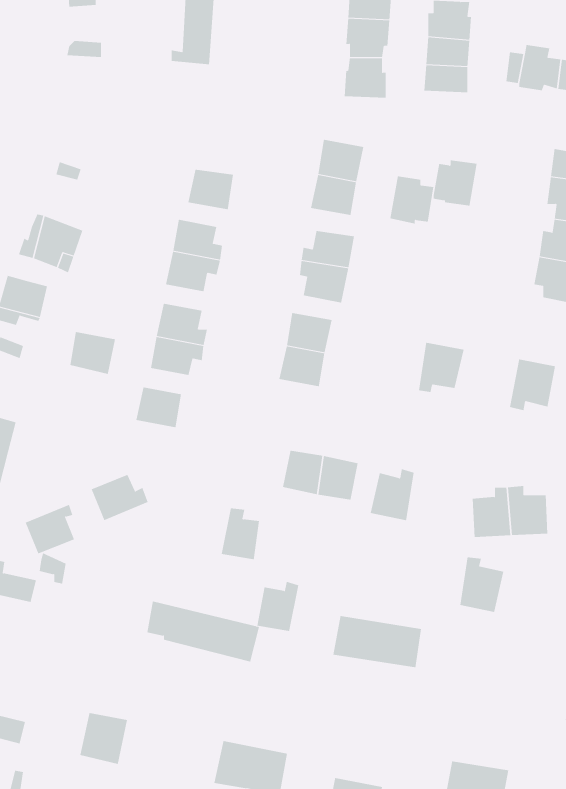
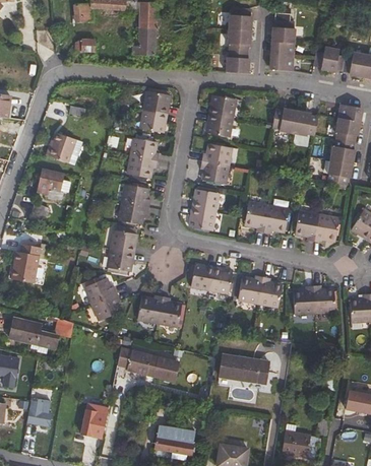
building: none -> [143,92,169,115]
building: [390,176,434,224] -> [294,109,318,135]
building: [69,332,116,374] -> [108,249,133,272]
building: none -> [246,202,269,232]
building: none -> [297,212,320,242]
building: [25,504,75,554] -> [94,293,121,321]
building: [459,557,504,613] -> [259,277,284,308]
building: [256,581,299,632] -> [139,294,163,322]

